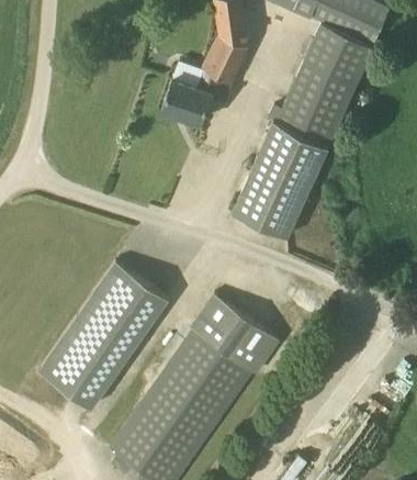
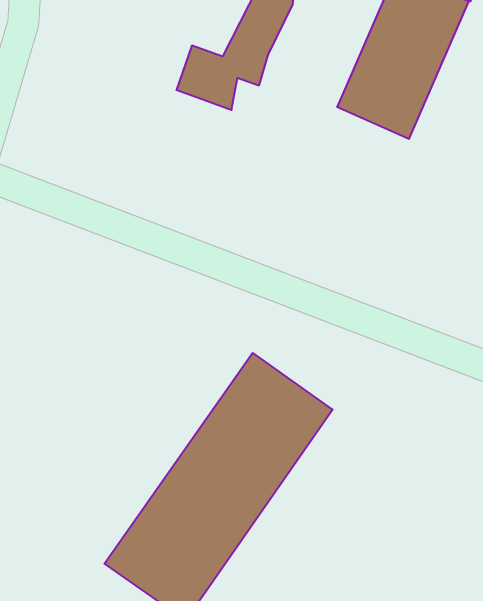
building: [233,123,326,239] -> none
building: [40,264,167,410] -> none

